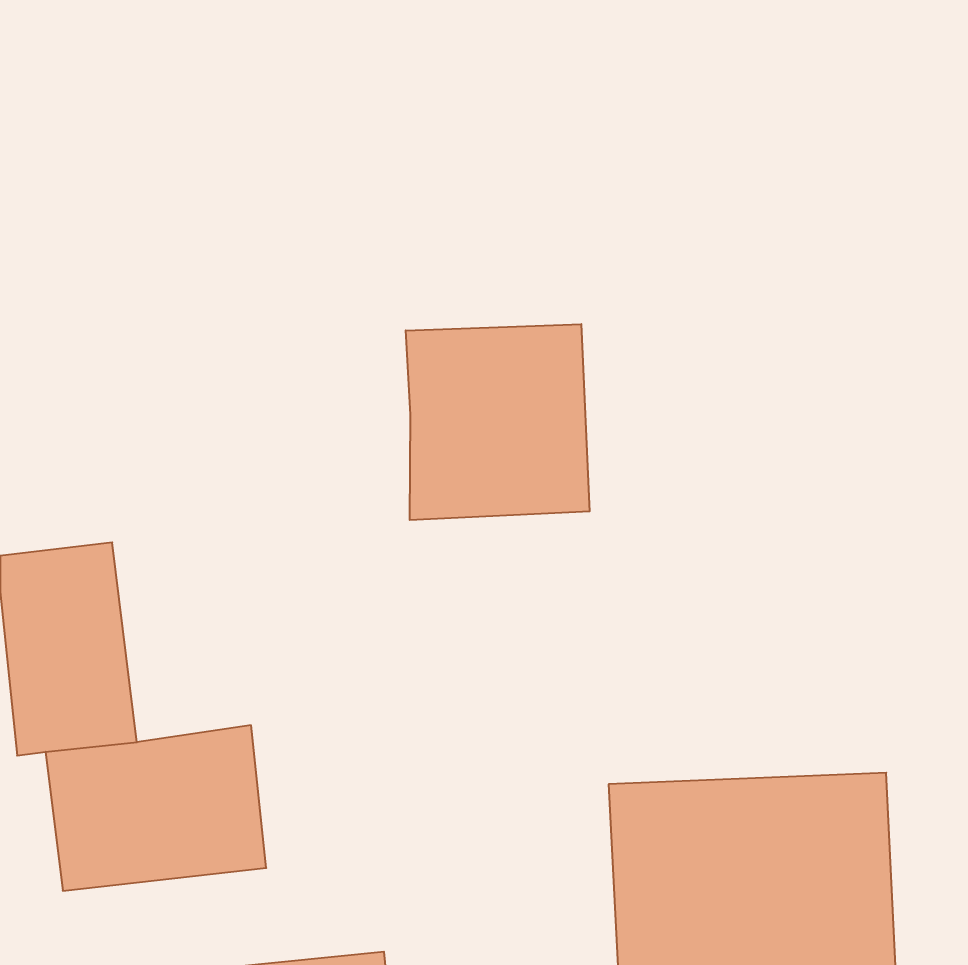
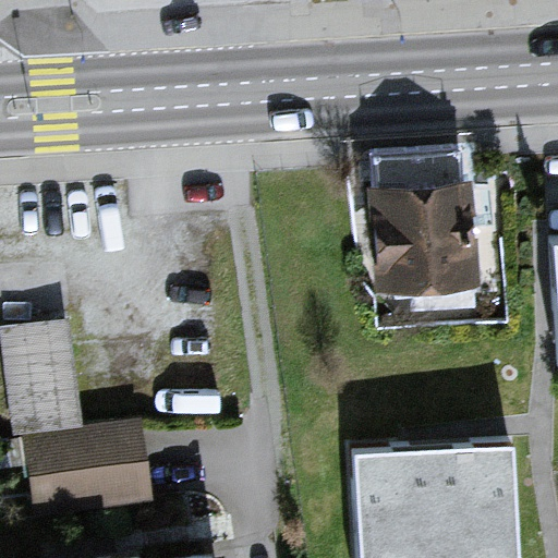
building: none -> [372,180,474,287]
building: [406,324,590,520] -> none

